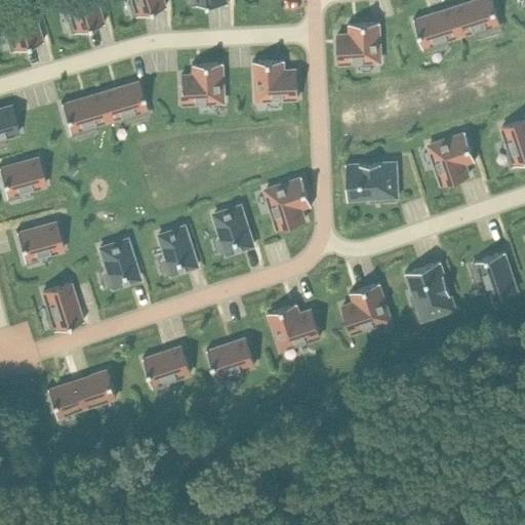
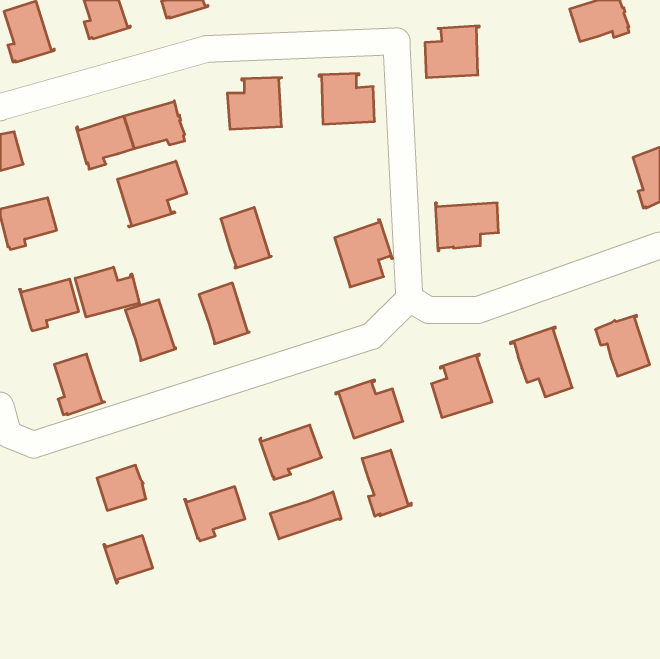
building: [413,8,460,50] -> none
building: none -> [118,161,187,227]
building: [429,130,475,185] -> none
building: [214,205,254,253] -> [221,207,271,268]
building: none -> [75,267,140,317]
building: [143,347,191,390] -> [184,487,245,541]
building: none -> [362,450,411,516]
building: [46,380,85,418] -> [104,536,153,583]
building: none -> [270,492,341,539]

